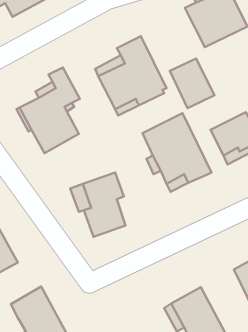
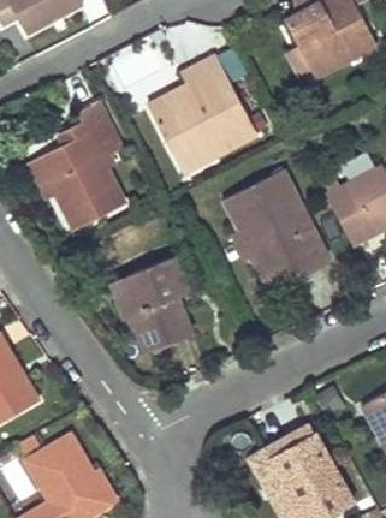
building: [170,58,214,108] -> none

